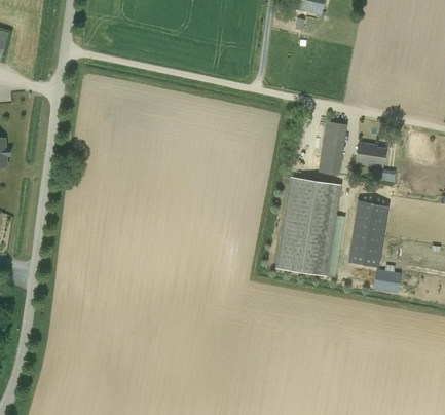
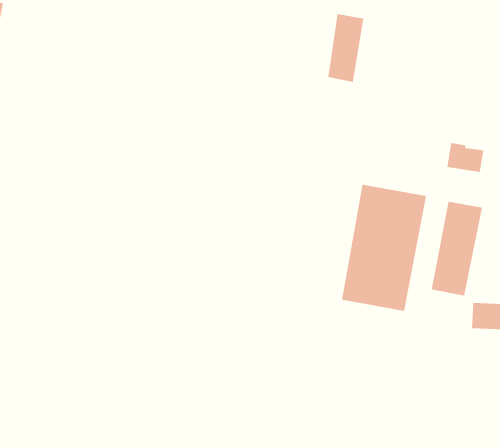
building: [320,121,348,176] -> [328,13,364,82]

